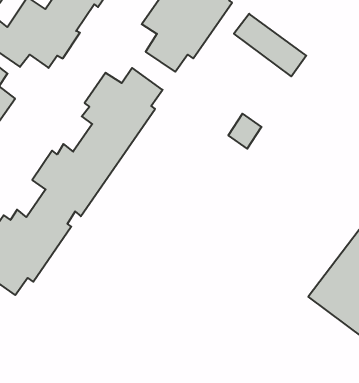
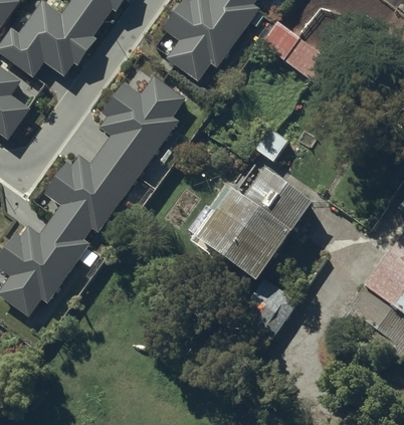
building: none -> [187,170,314,337]

